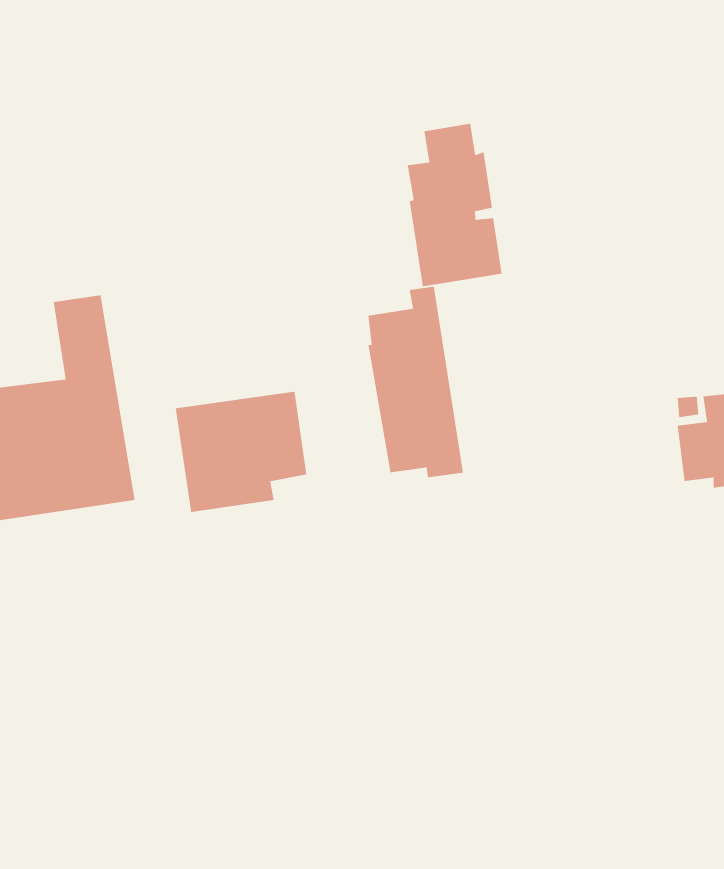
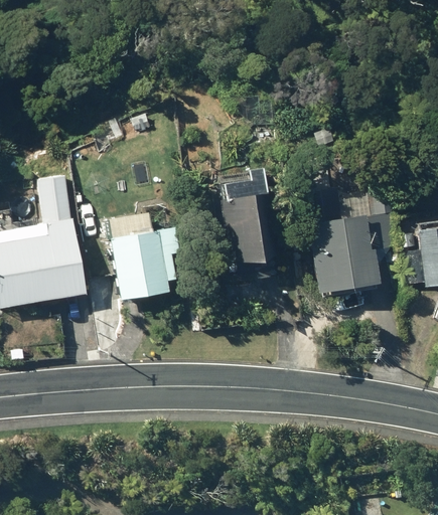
building: [407,123,503,287] -> none
building: none -> [305,210,396,295]

